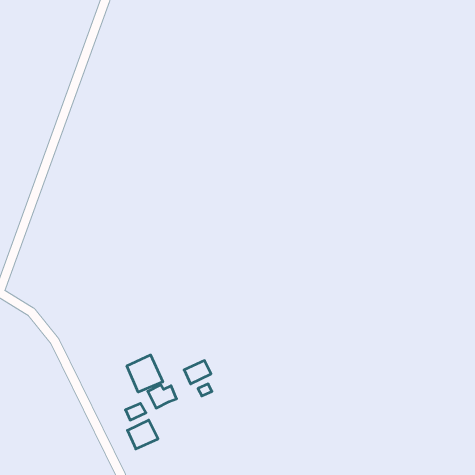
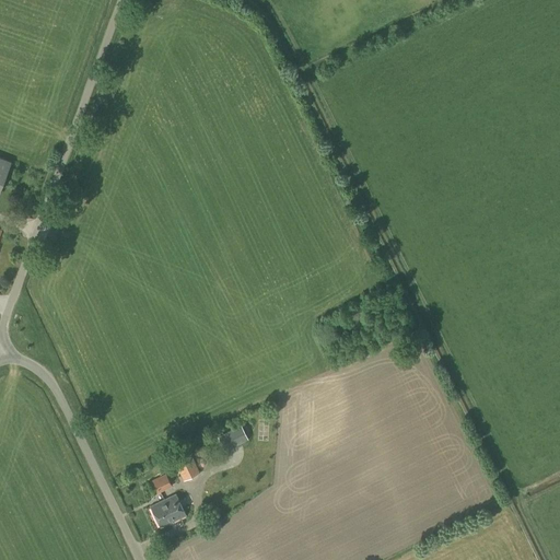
building: [127,355,163,392] -> none

